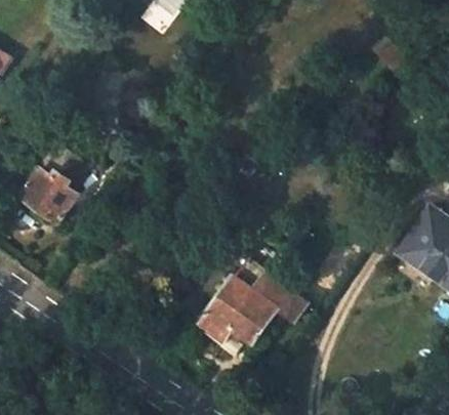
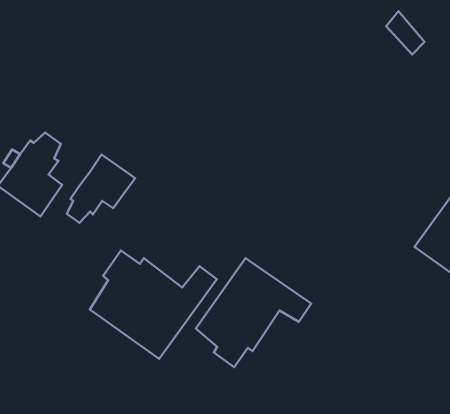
building: none -> [67,154,135,223]
building: none -> [90,250,217,359]

